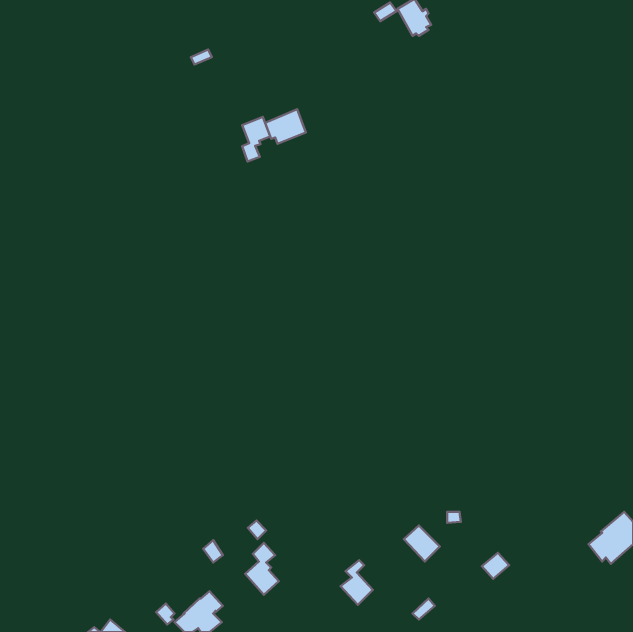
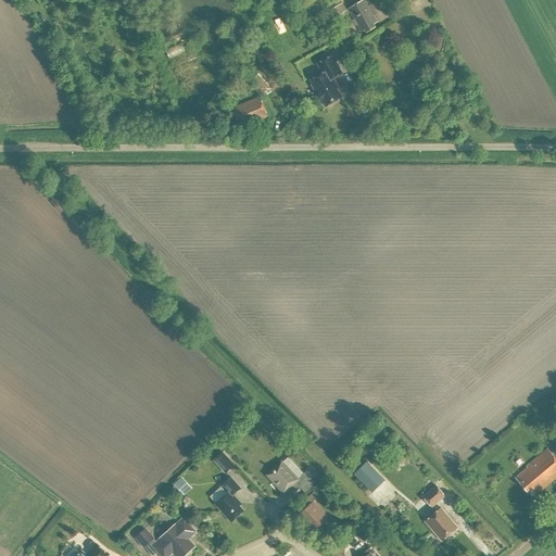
building: none -> [311,54,342,105]
building: [242,117,270,162] -> none
building: none -> [267,460,316,492]
building: none -> [425,507,458,540]

